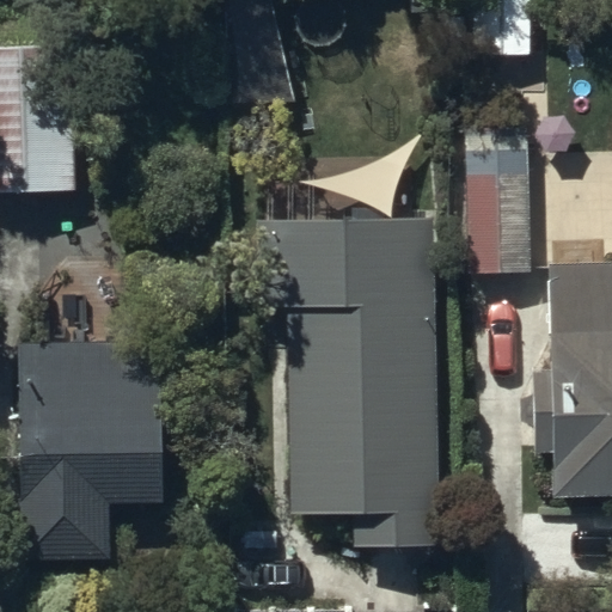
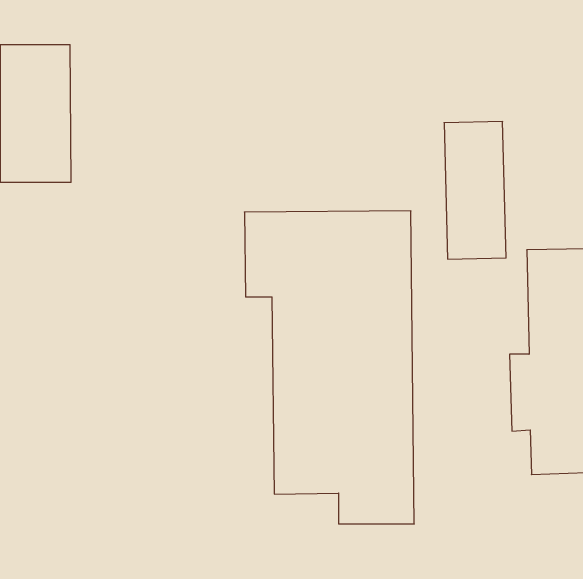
building: [19,343,161,558] -> none

